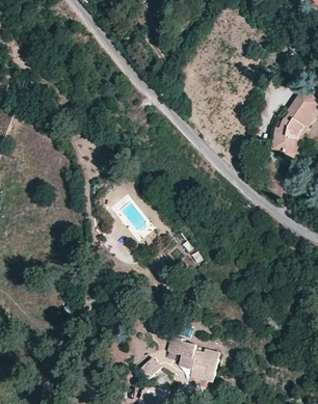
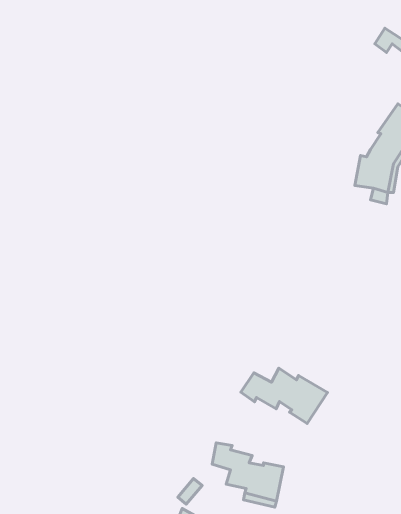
building: none -> [241,368,327,424]

